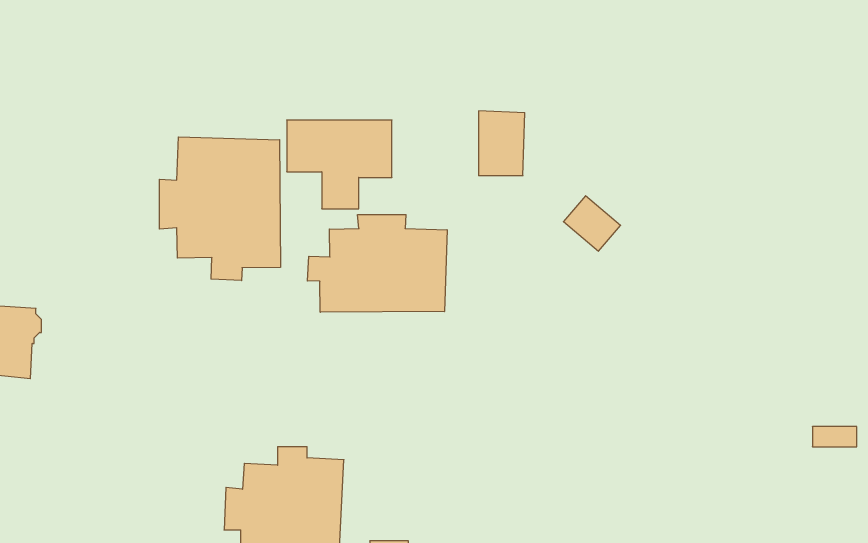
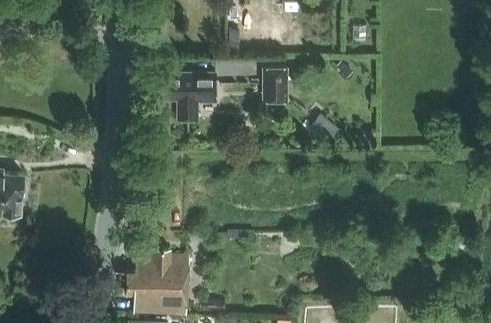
building: [160,137,280,281] -> none
building: [307,215,447,312] -> none

